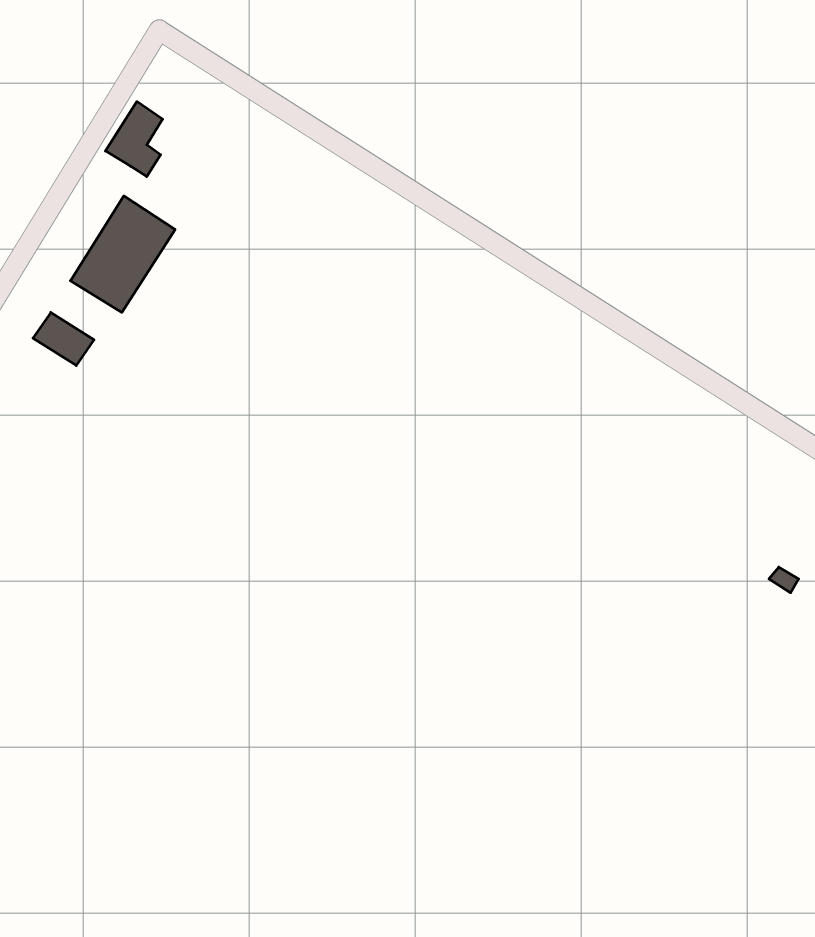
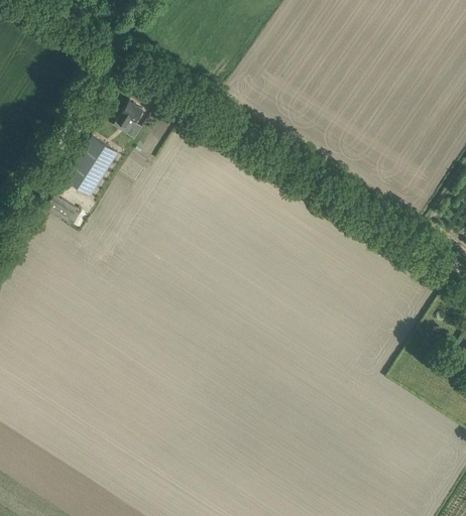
building: [105,102,163,177] -> [114,99,143,137]

